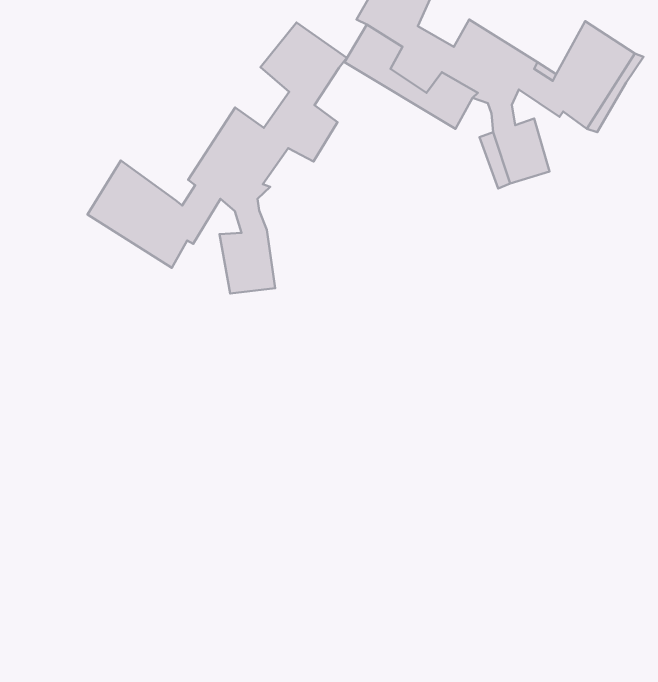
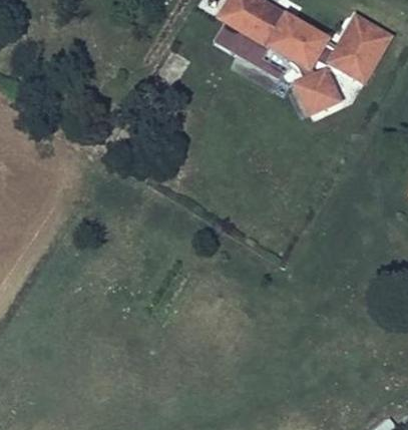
building: [88,23,347,294] -> none

